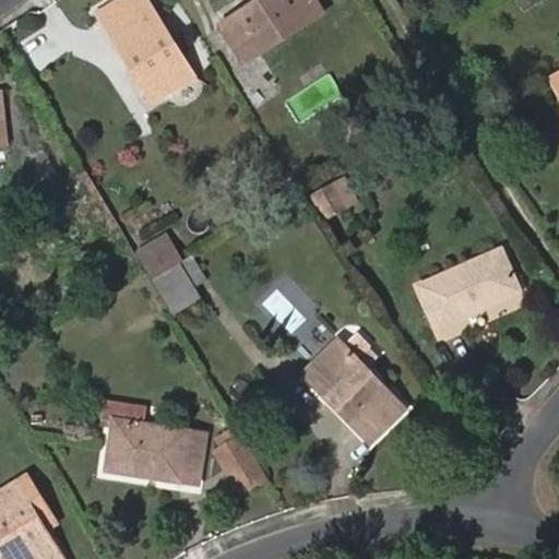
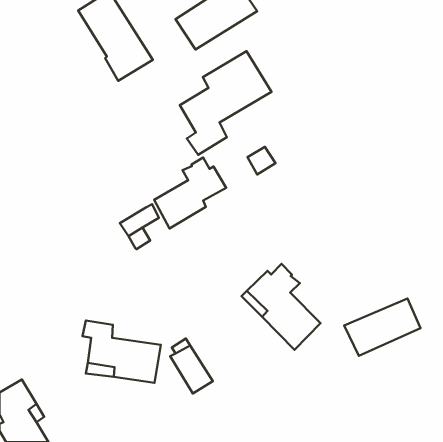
building: none -> [180,51,271,155]
building: none -> [154,158,226,228]
building: [133,233,183,281] -> none
building: [420,252,516,324] -> [344,299,421,356]

